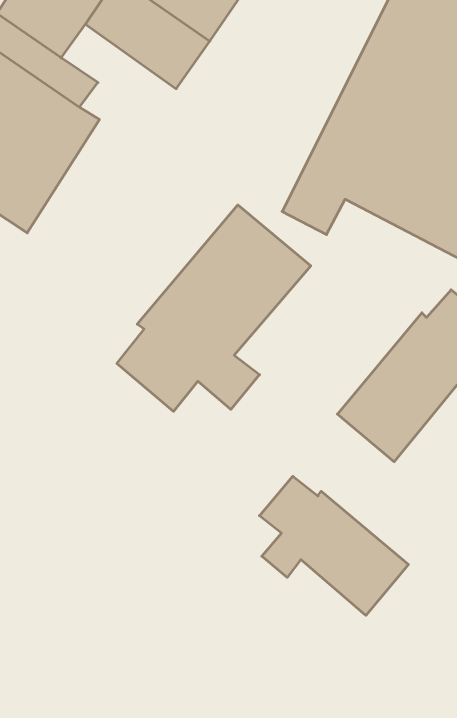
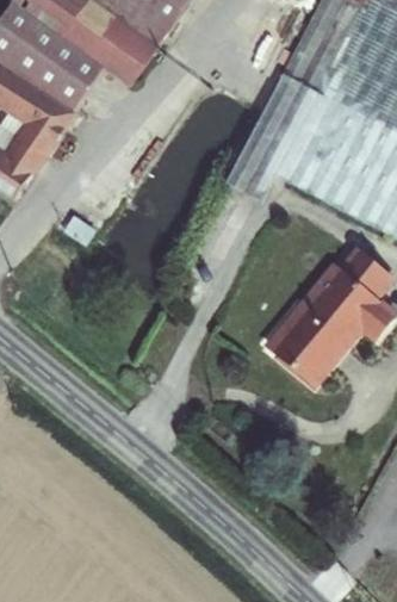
building: [117,205,311,411] -> none
building: [259,476,408,615] -> none

